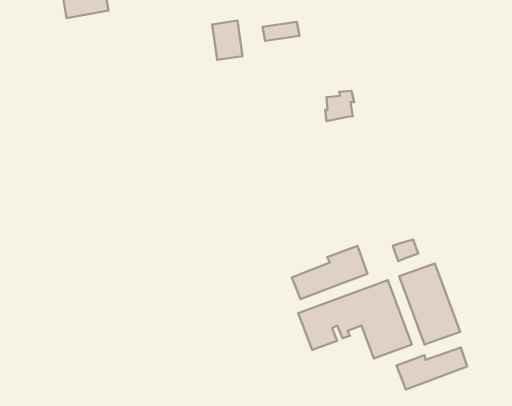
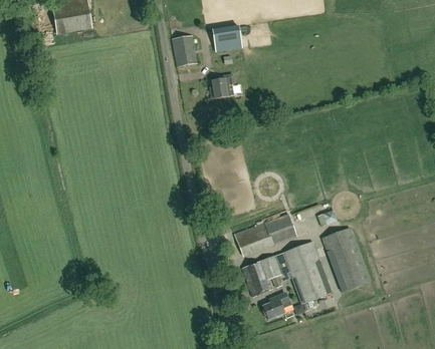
building: [325,91,354,121] -> [211,75,234,99]
building: none -> [263,292,290,320]
building: [397,348,467,389] -> none

